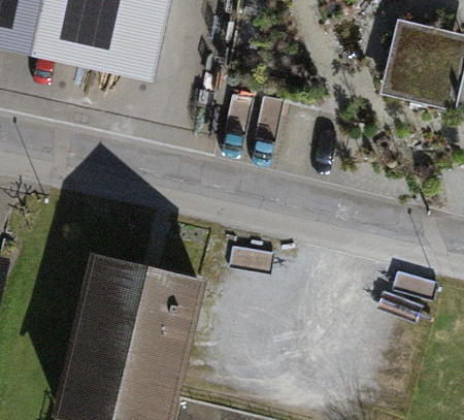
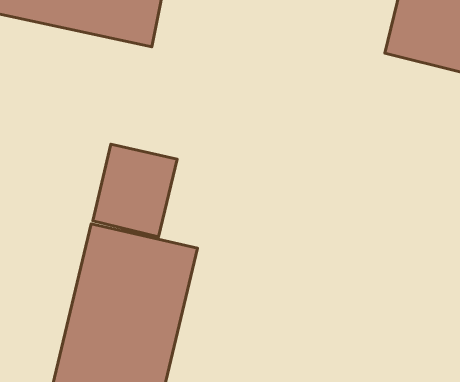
building: none -> [93,144,177,237]

